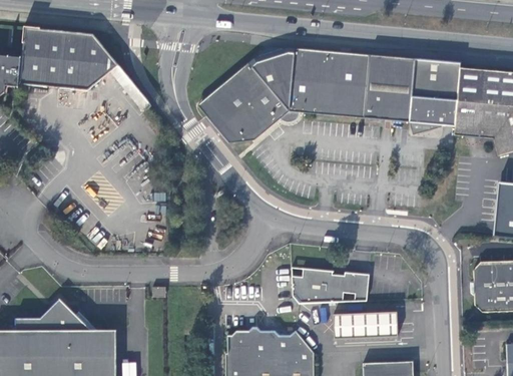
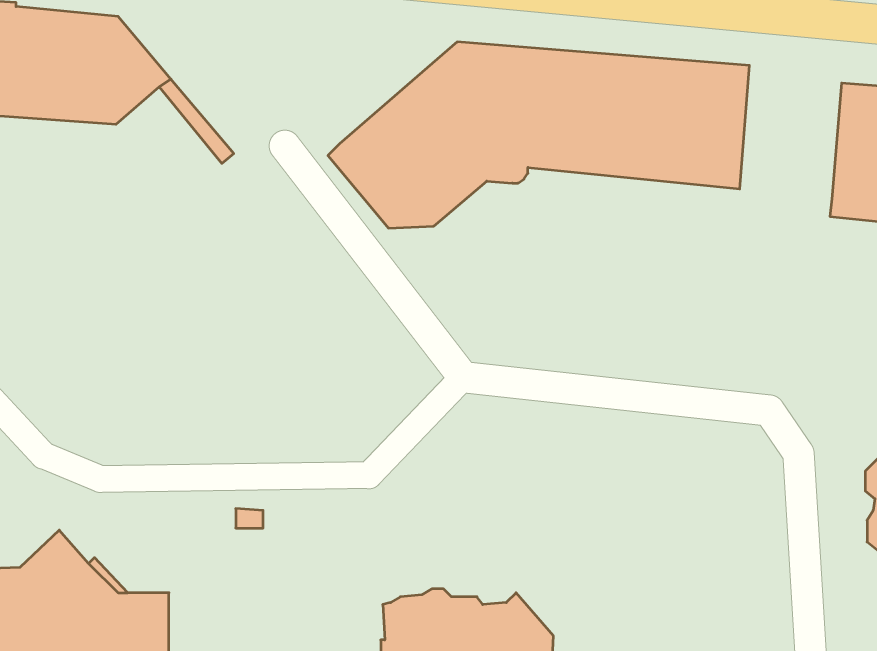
building: [409,59,461,132] -> none
building: [290,268,370,301] -> none
building: [328,311,394,333] -> none

